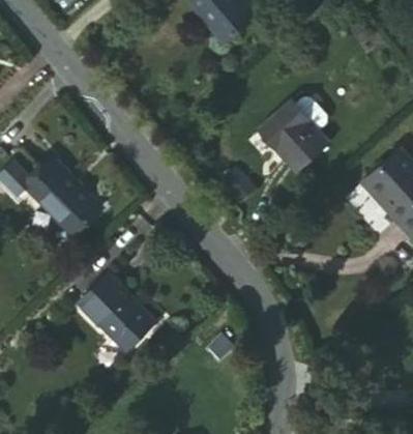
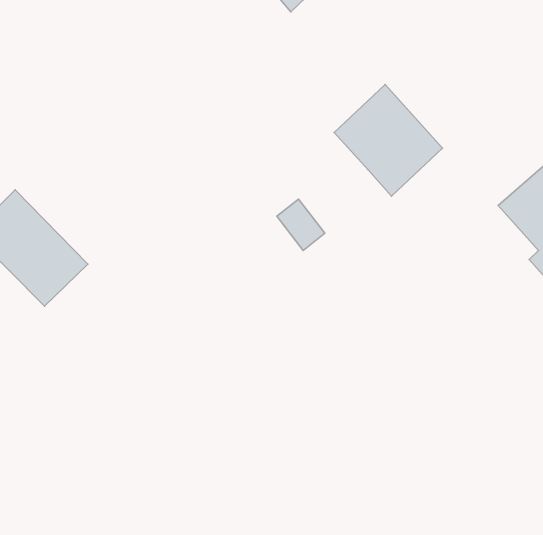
building: [69,279,151,360] -> none

